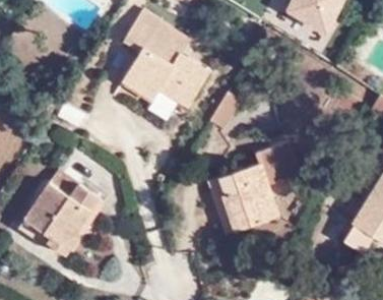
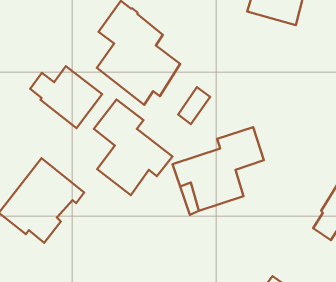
building: none -> [30,66,102,128]
building: none -> [94,99,172,195]

